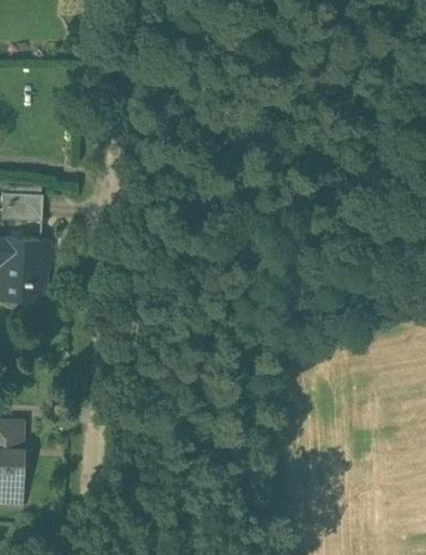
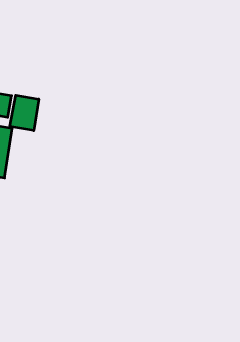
building: none -> [10,95,39,131]

